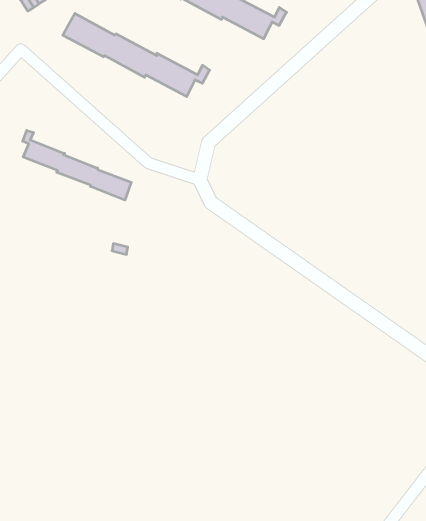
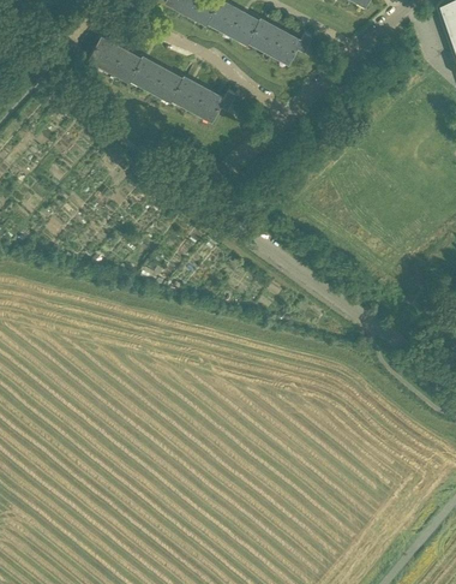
building: [23,130,131,200] -> none

